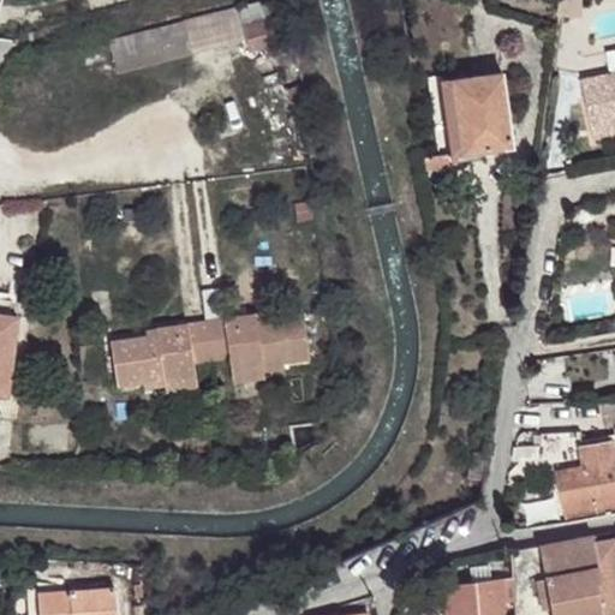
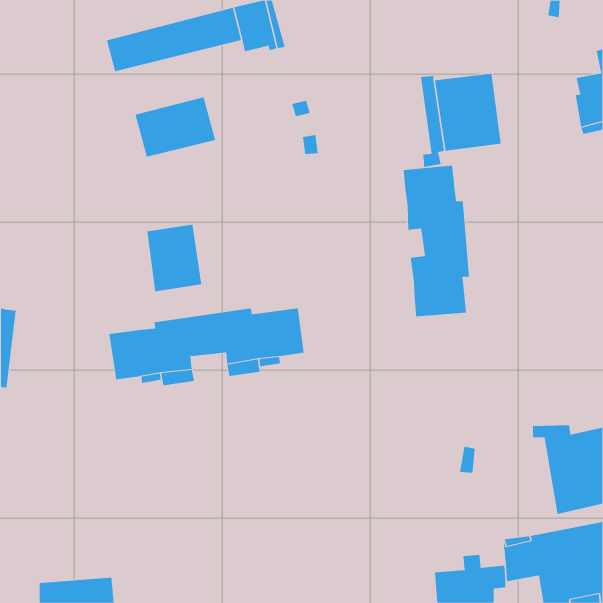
building: none -> [135,96,216,157]
building: none -> [403,165,469,317]
building: none -> [147,224,202,292]

